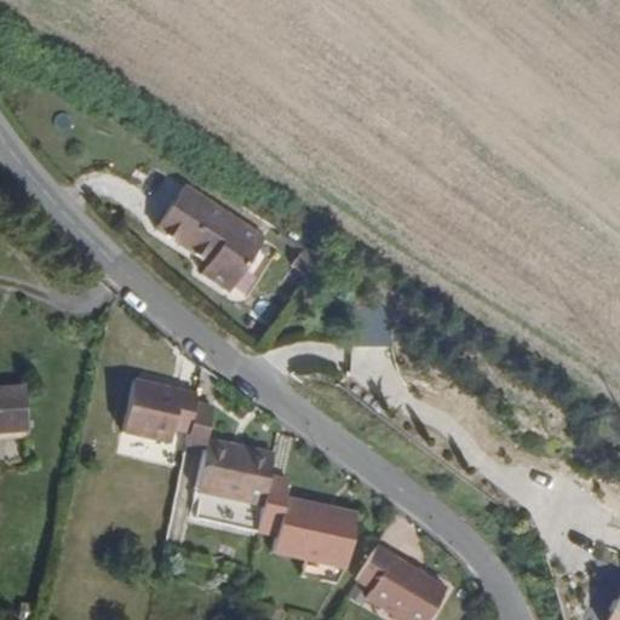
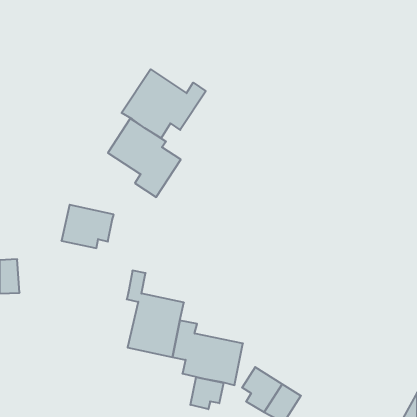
building: none -> [122,69,206,138]
building: [121,379,199,443] -> [61,205,114,248]
building: none -> [190,377,224,409]

